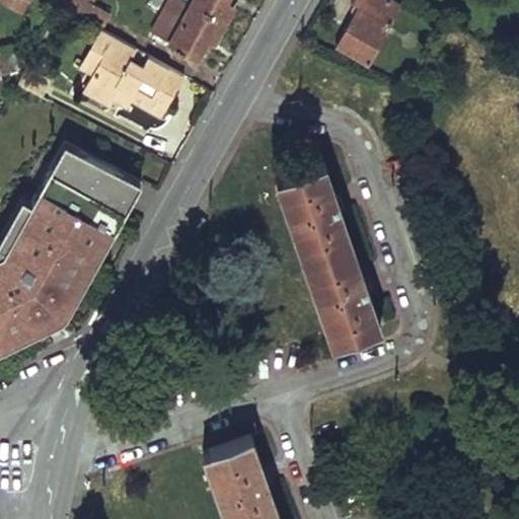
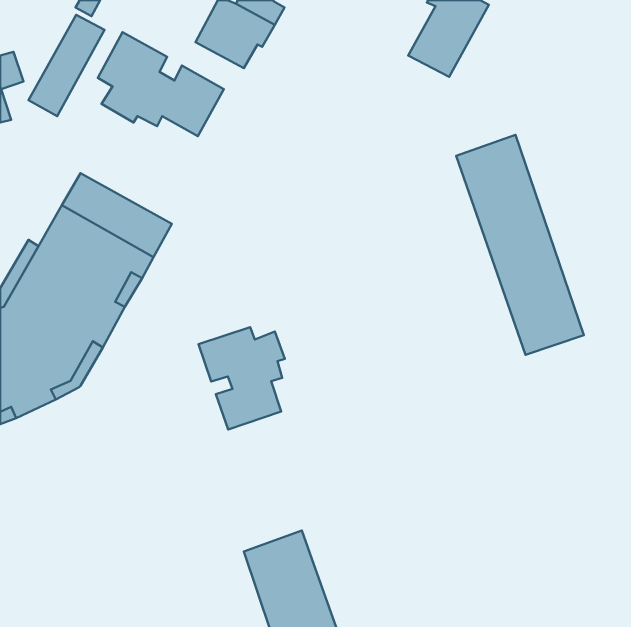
building: none -> [29,15,104,116]
building: [274,165,378,346] -> [456,135,584,355]
building: none -> [198,327,285,429]

